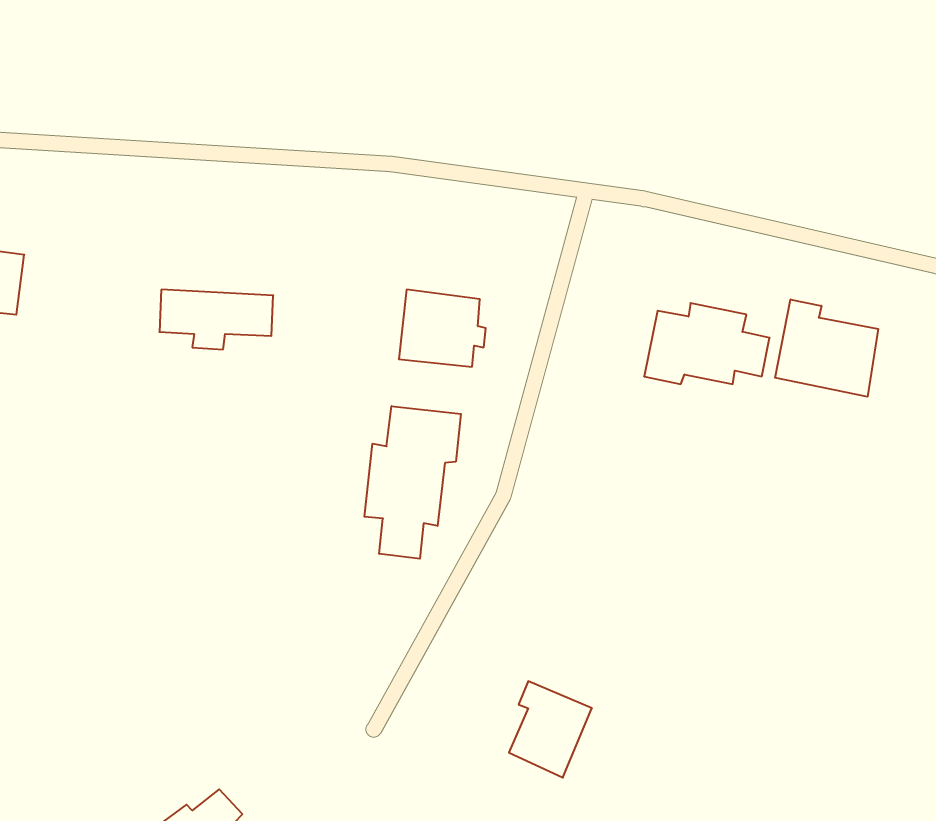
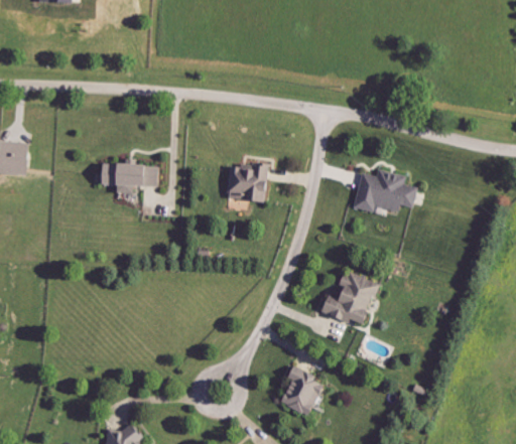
building: [775,299,878,397] -> none
building: [364,406,461,559] -> none
building: none -> [319,270,378,325]

